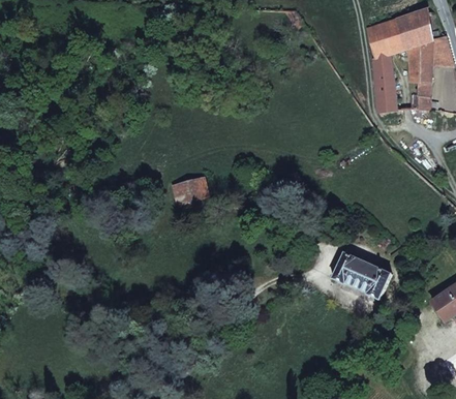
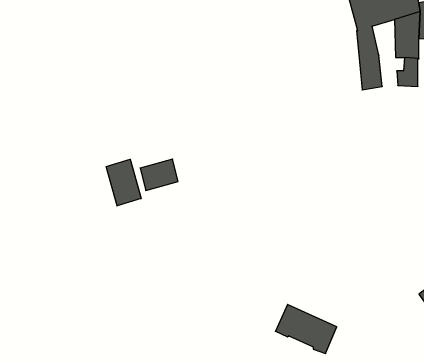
building: none -> [106,159,141,206]
building: [333,252,390,298] -> [275,304,337,354]

